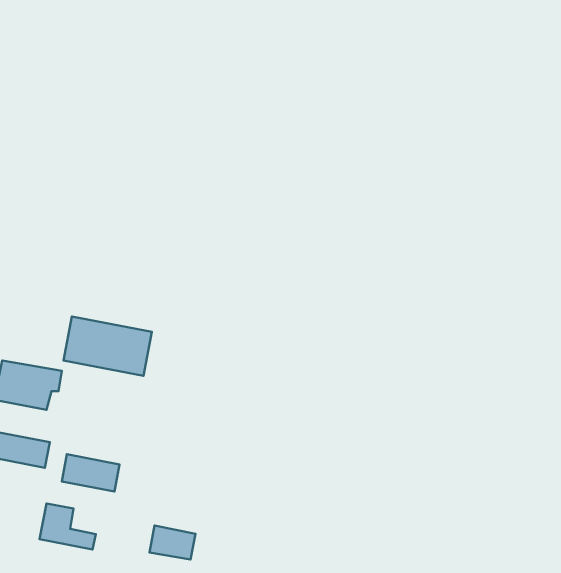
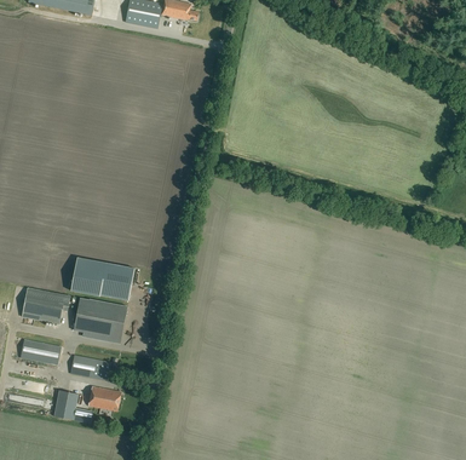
building: none -> [73,297,126,338]
building: [149,525,195,559] -> [87,385,120,409]

